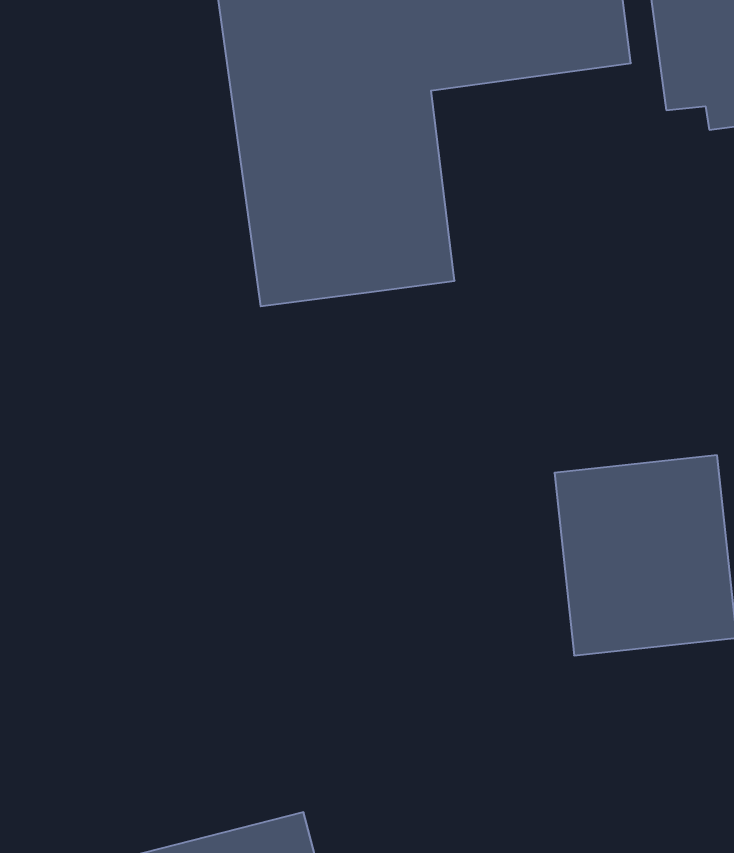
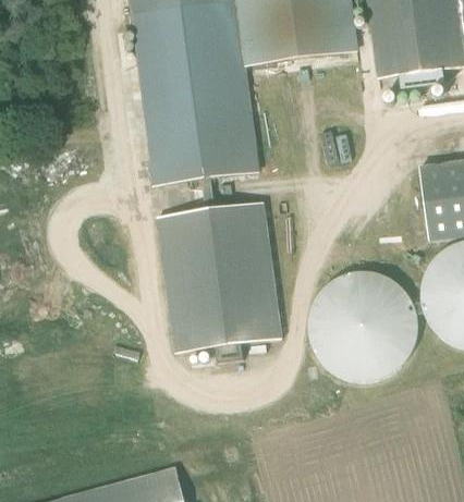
building: none -> [157,177,281,362]

